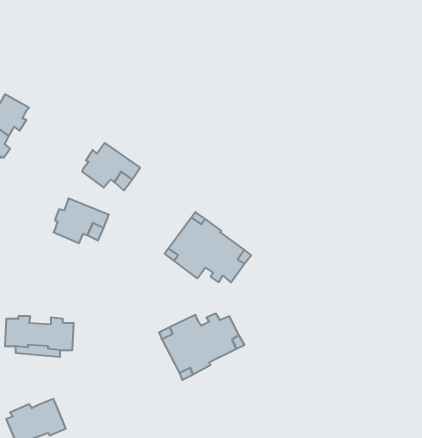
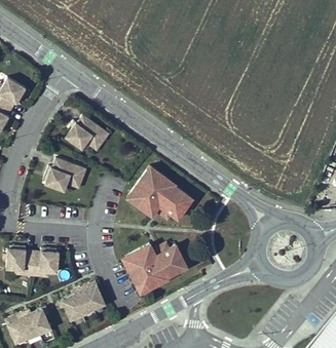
building: none -> [62,283,106,322]

